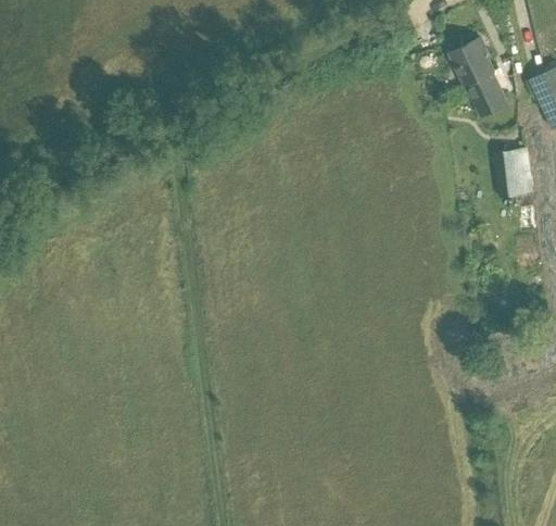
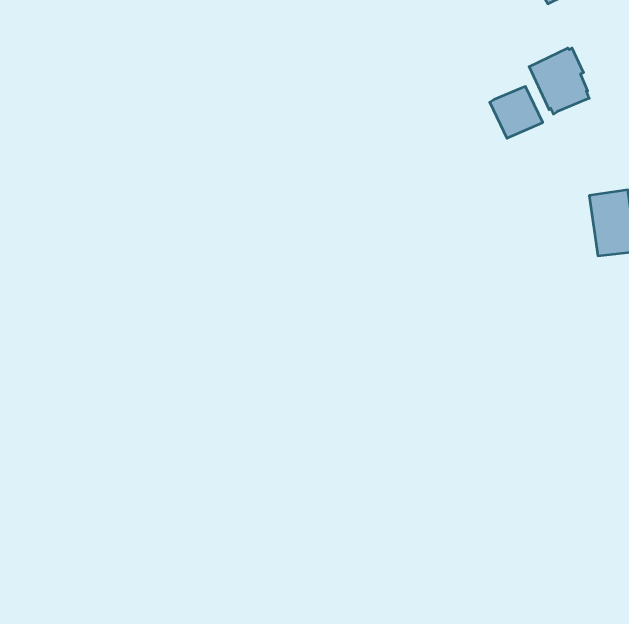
building: [467,75,507,114] -> [490,87,543,138]

